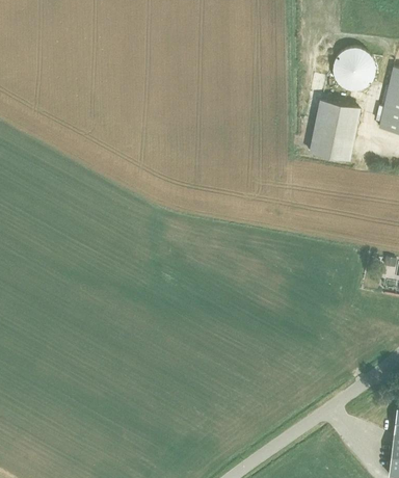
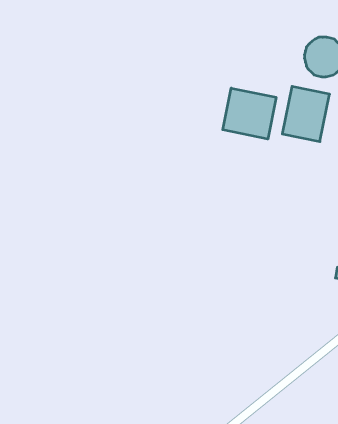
building: none -> [223,88,276,139]

